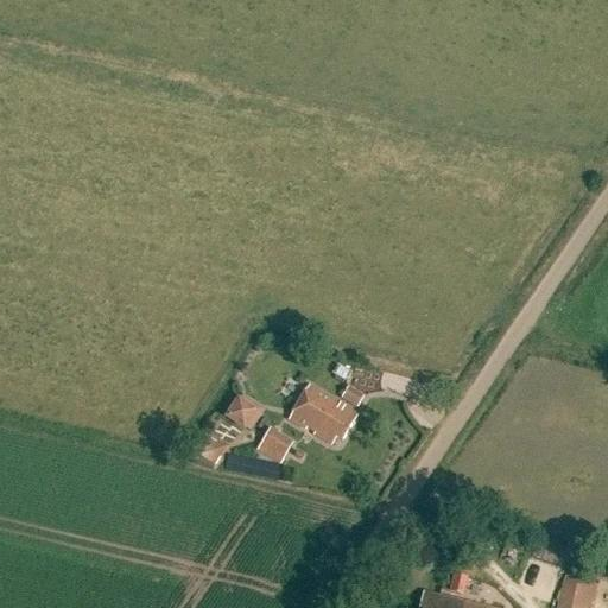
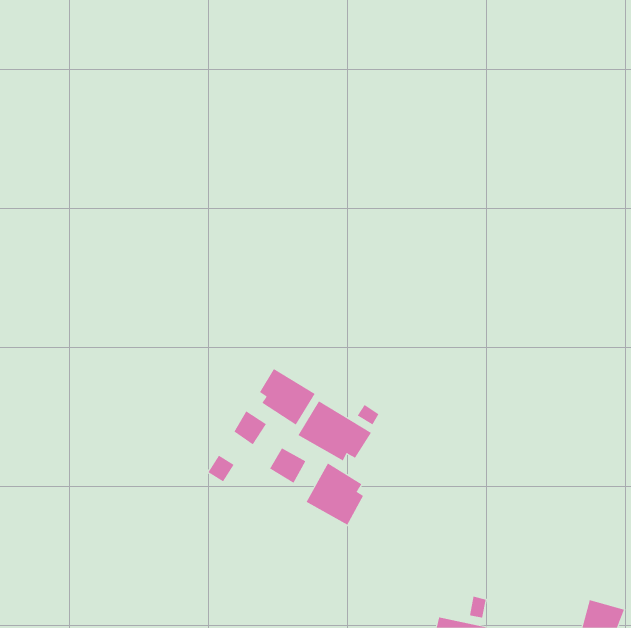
building: none -> [259,368,315,426]
building: none -> [306,463,364,526]

